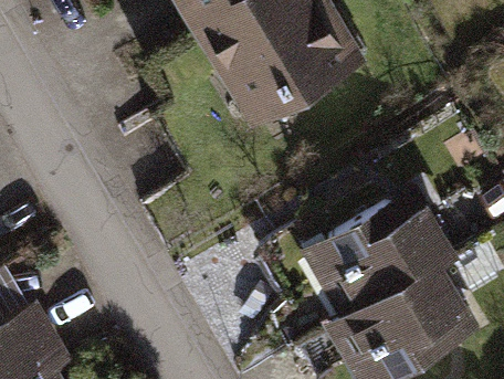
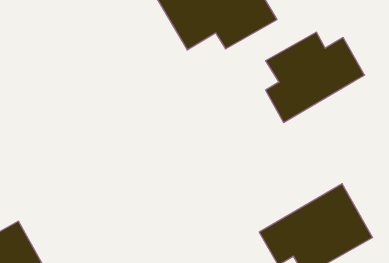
building: [326,206,449,317] -> [266,32,365,122]

